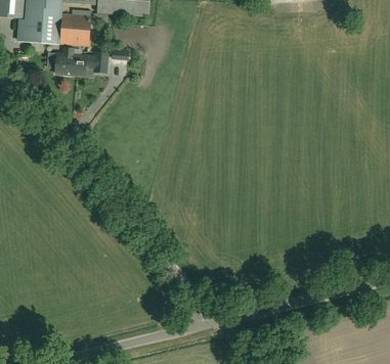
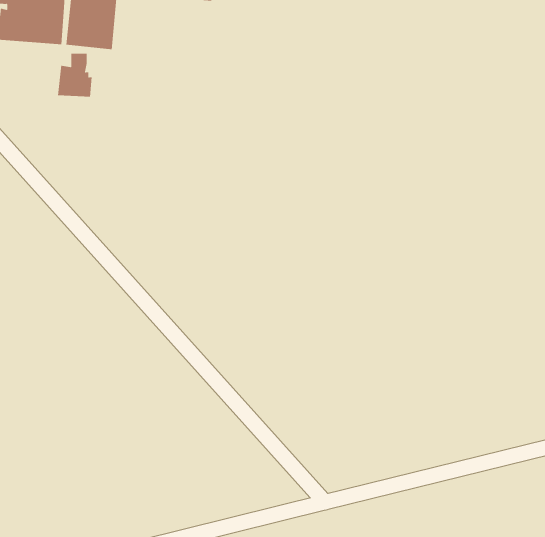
building: [72,52,107,76] -> none

